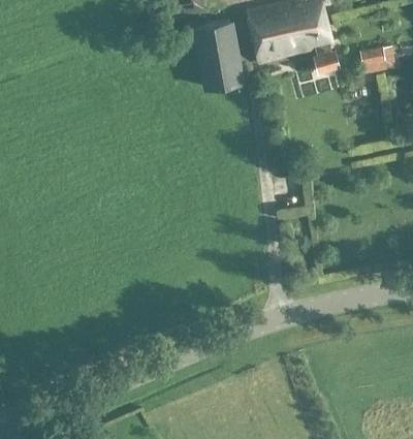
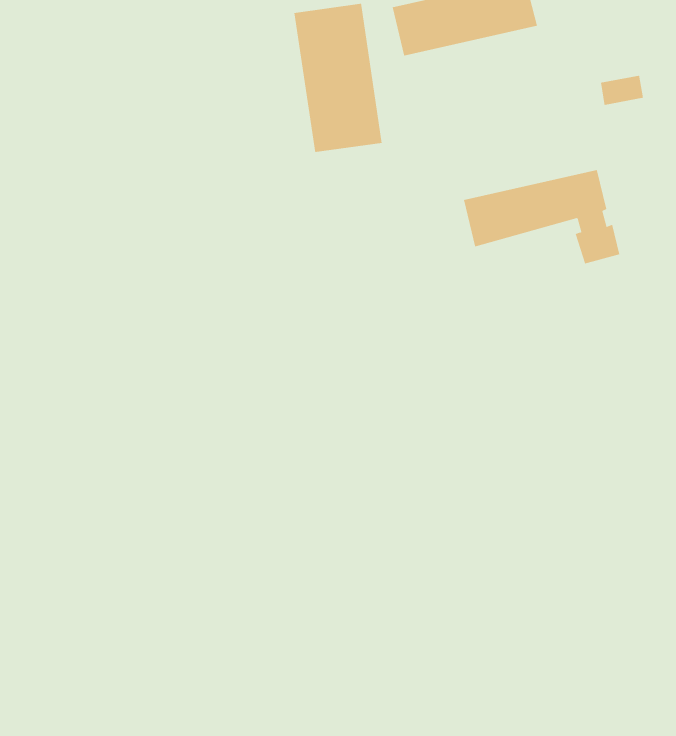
building: [254,22,340,73] -> [463,169,620,264]

